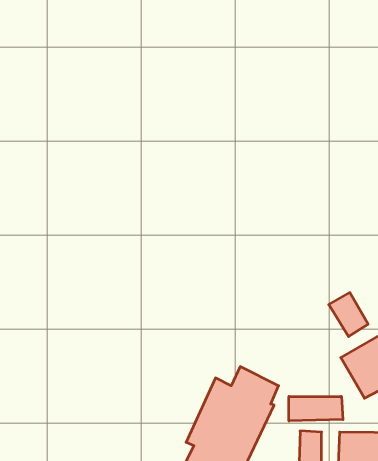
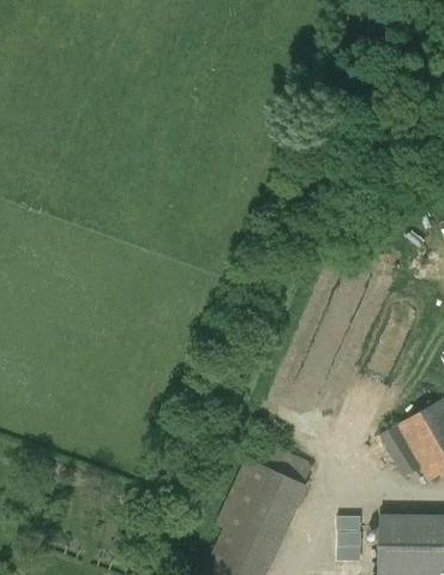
building: [329,293,368,337] -> none
building: [289,396,343,421] -> none

